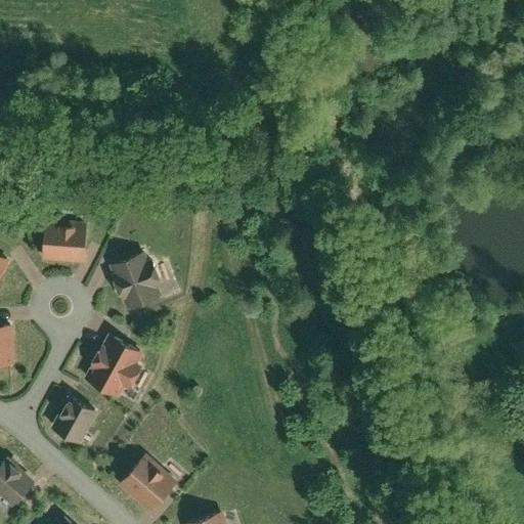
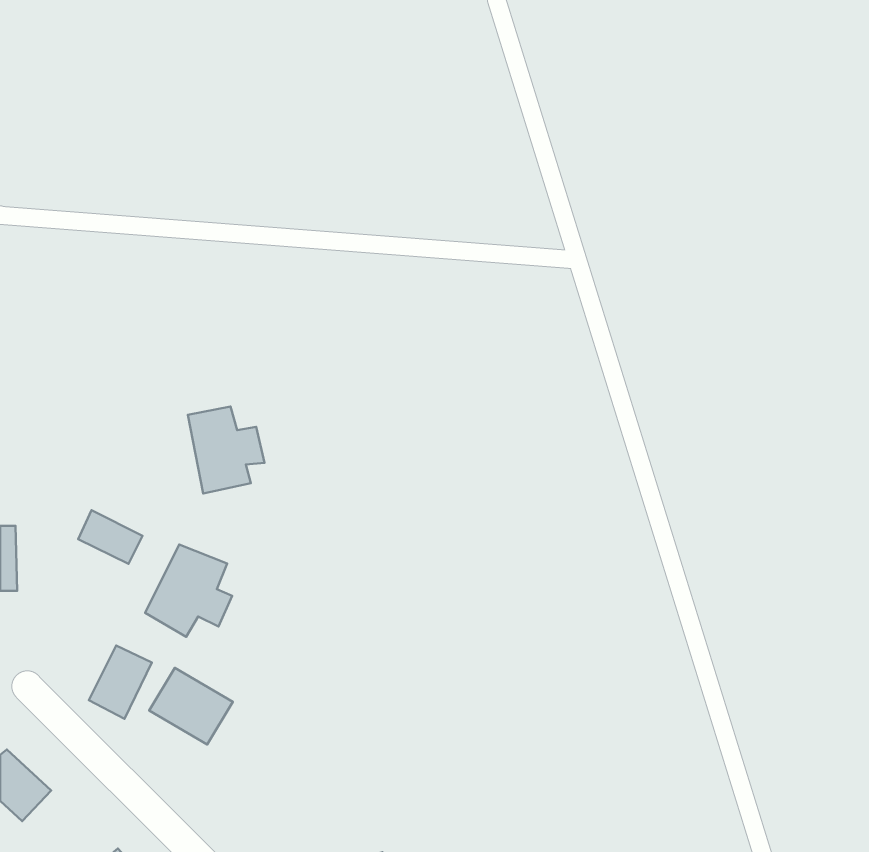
building: [44,226,84,261] -> none
building: none -> [78,510,143,564]
building: [121,460,171,506] -> [149,668,233,745]

